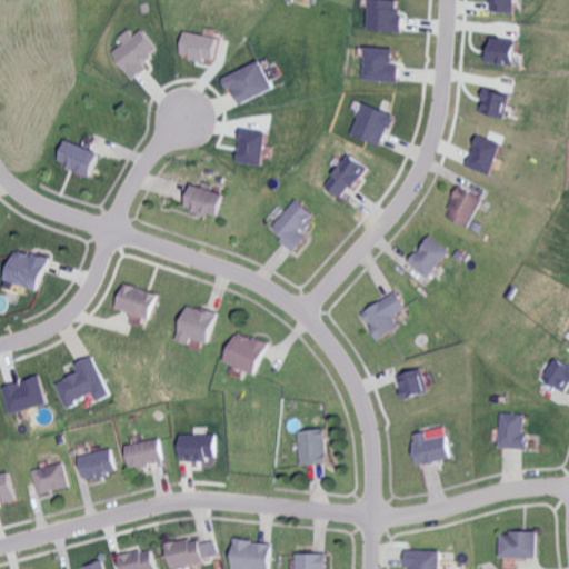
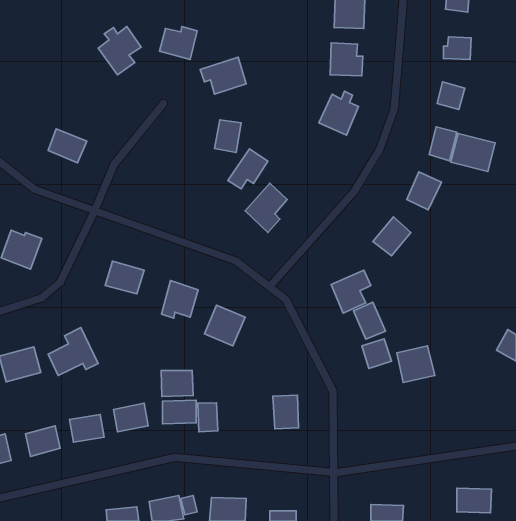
building: none -> [451,134,495,171]
building: [322,154,366,198] -> [228,149,268,189]
building: [182,186,221,217] -> none
building: none -> [353,302,386,339]
building: none -> [161,371,193,397]
building: [497,413,527,449] -> none
building: [409,427,450,467] -> [397,346,435,383]
building: none -> [198,403,218,432]

